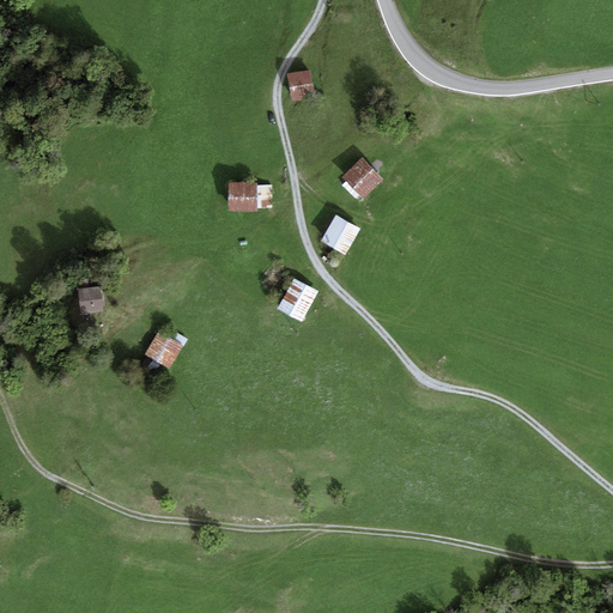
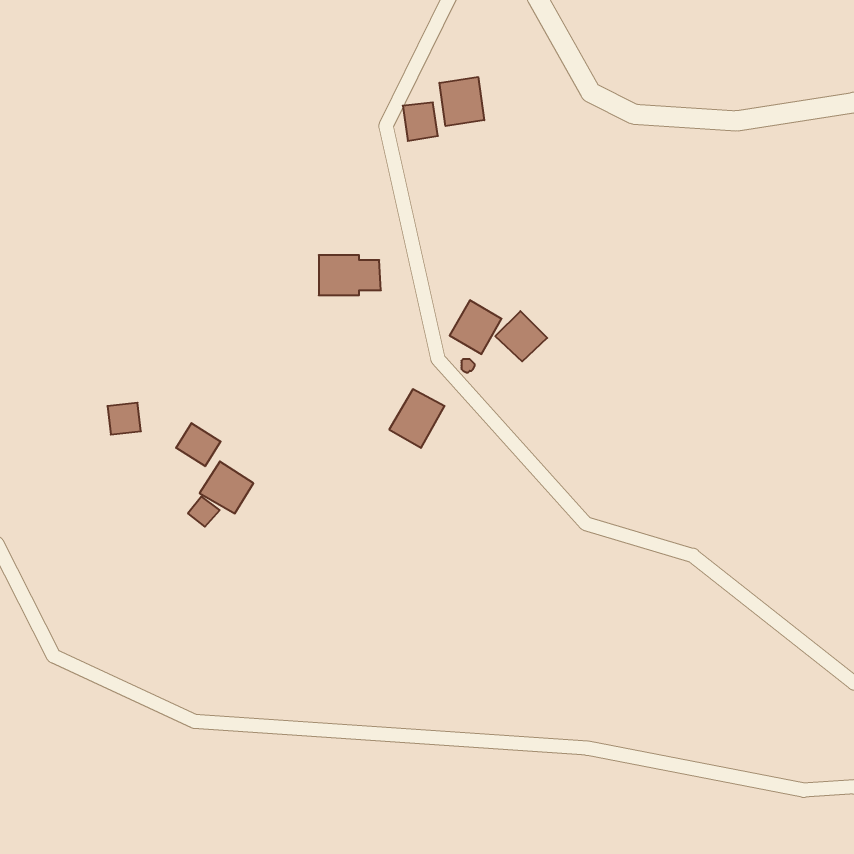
building: none -> [439,77,484,126]
building: [344,159,381,195] -> [495,311,547,361]
building: none -> [176,423,221,466]

